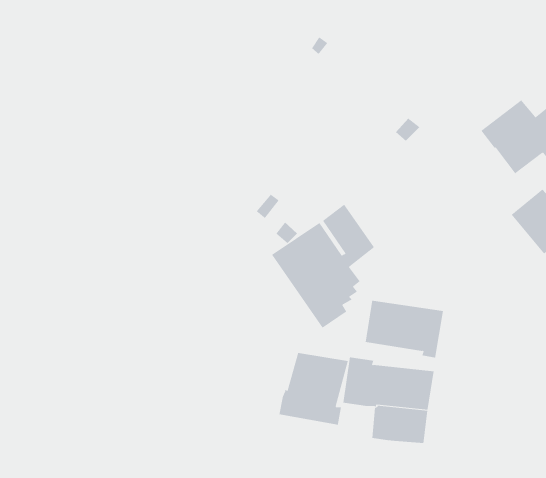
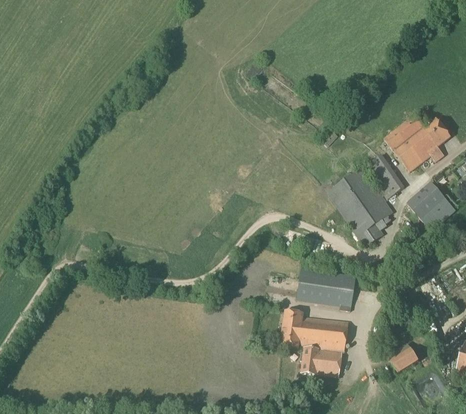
building: [271,204,375,328] -> [325,153,404,248]
building: [279,352,349,426] -> none
building: none -> [389,348,418,373]

